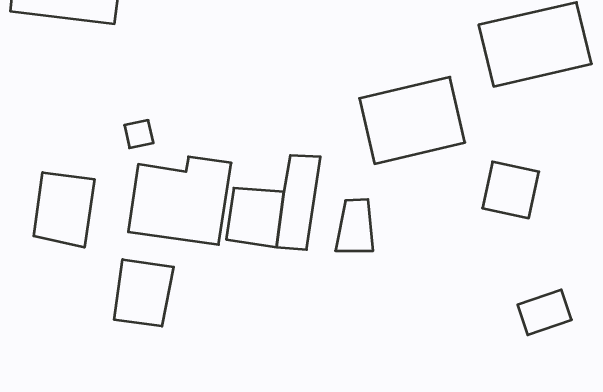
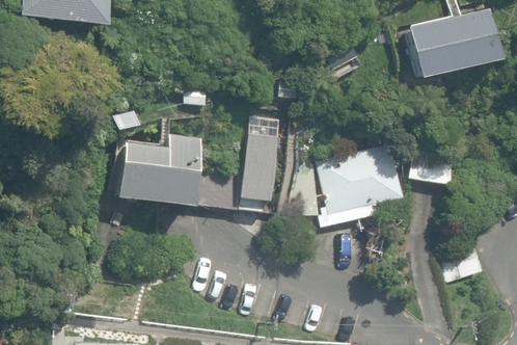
building: [359,77,465,164] -> [317,142,404,214]
building: [34,172,94,247] -> none
building: [114,259,174,326] -> none

